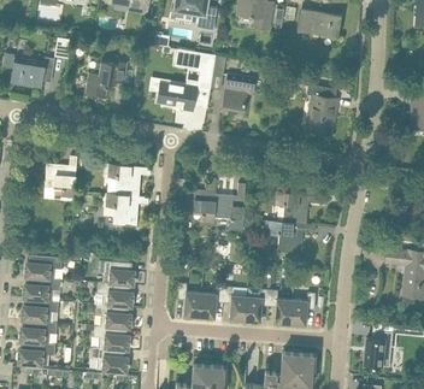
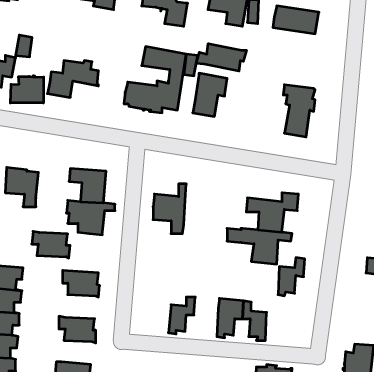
building: none -> [196,44,246,71]
building: none -> [10,76,44,103]
building: [213,183,245,231] -> none
building: [96,282,132,307] -> [32,231,70,258]
building: [177,282,201,319] -> none
building: [223,285,246,323] -> none
building: [290,291,316,328] -> [278,258,305,296]
building: [93,325,129,349] -> none

